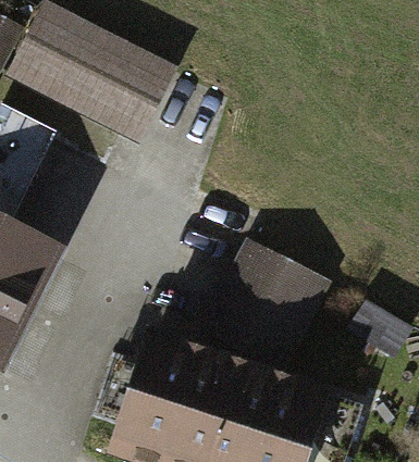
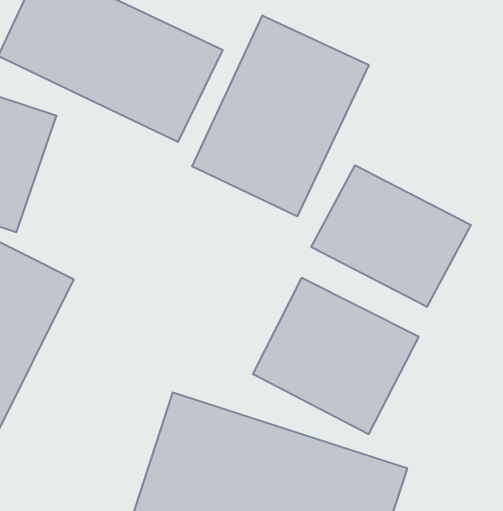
building: none -> [192,15,369,216]
building: none -> [311,165,471,307]

